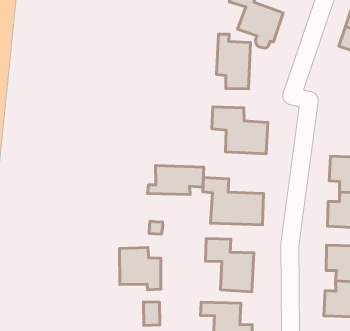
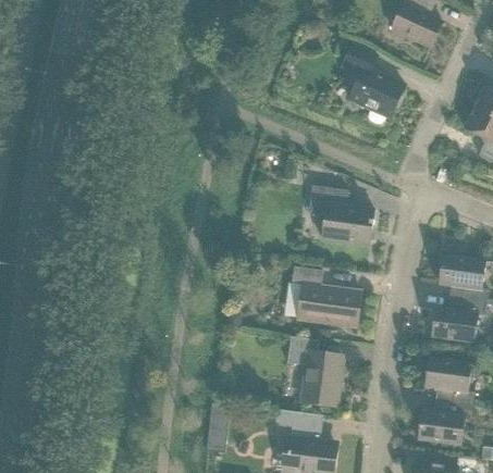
building: [216,34,251,89] -> none
building: [148,165,204,195] -> none
building: [119,248,161,290] -> none

